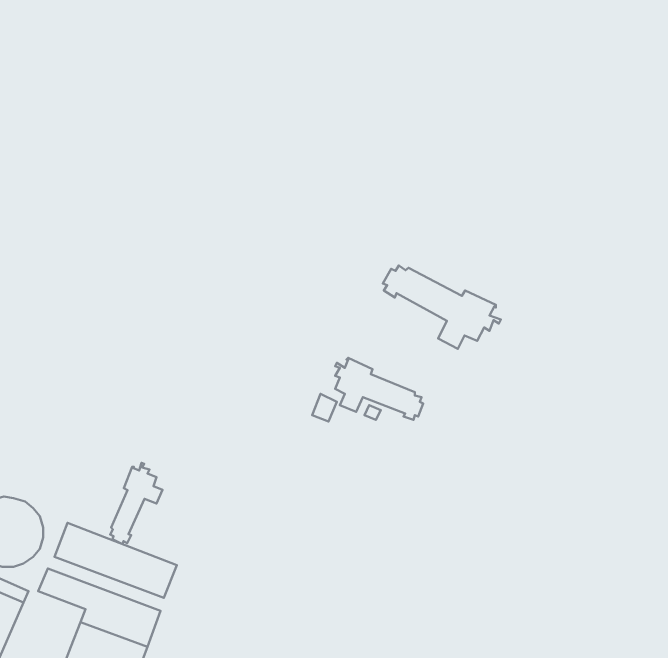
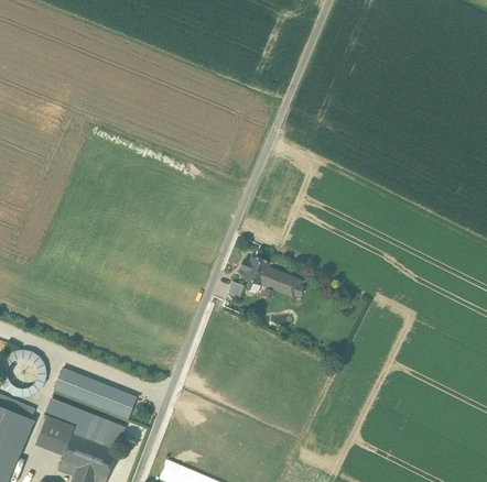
building: [383,265,501,349] -> none
building: [110,463,163,544] -> none
building: none -> [34,414,75,451]

